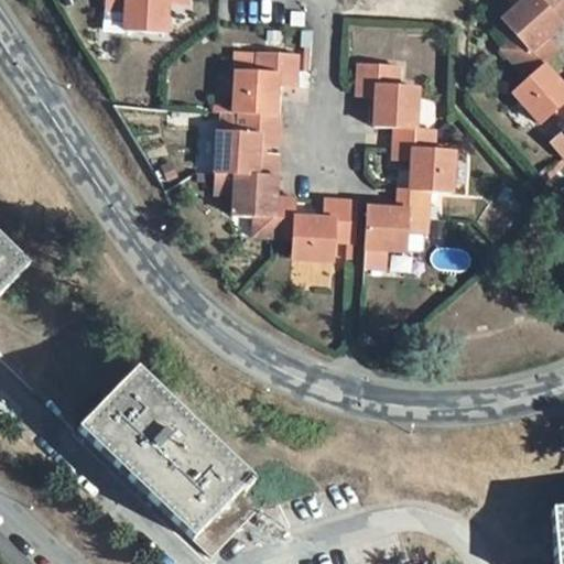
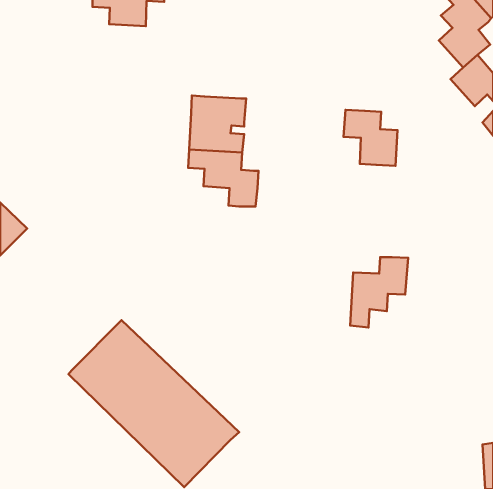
building: [234,50,299,112] -> none
building: [356,61,417,127] -> none
building: [364,187,430,268] -> [350,257,408,327]
building: [291,196,356,259] -> none

